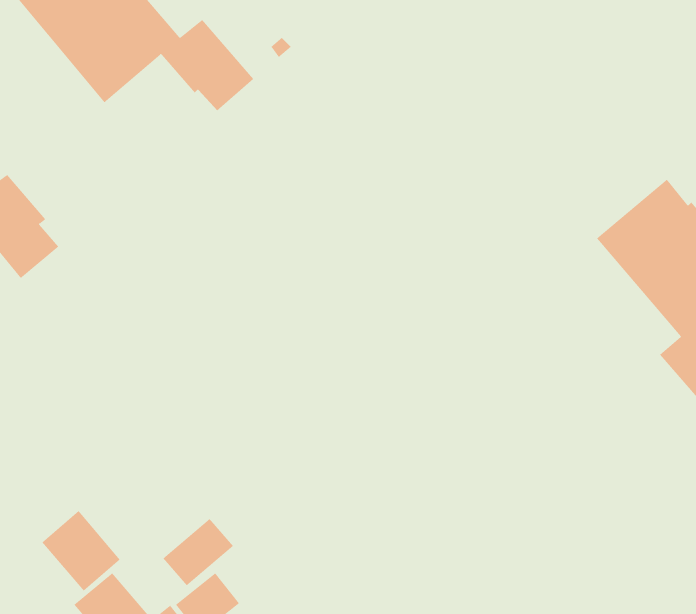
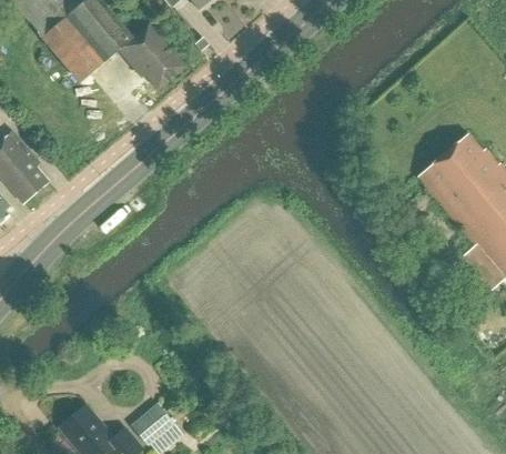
building: [42,510,121,592] -> none
building: [162,518,234,586] -> none

